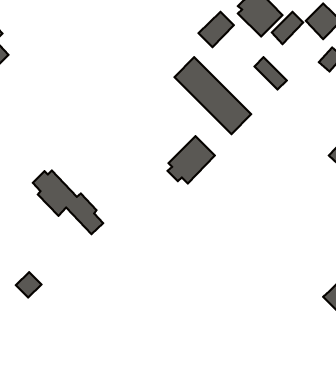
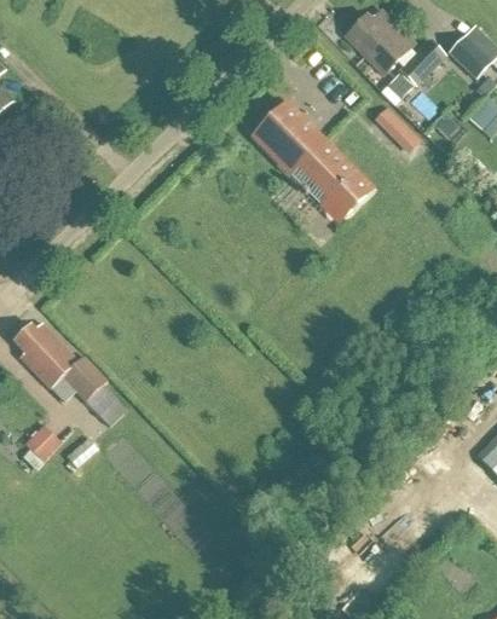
building: [199,12,234,47] -> none
building: [168,136,215,183] -> none
building: [33,170,103,234] -> [15,322,117,415]

